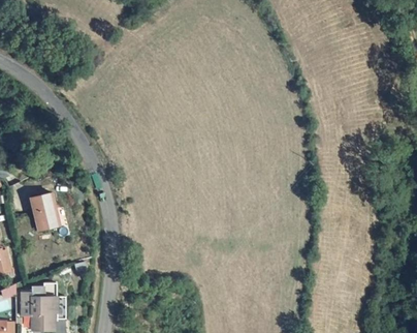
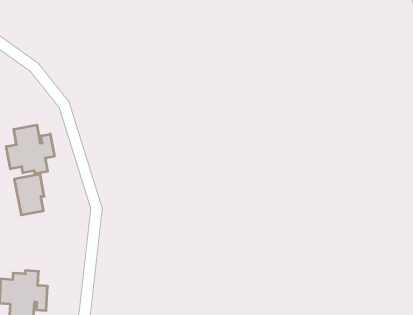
building: none -> [6,125,54,174]

